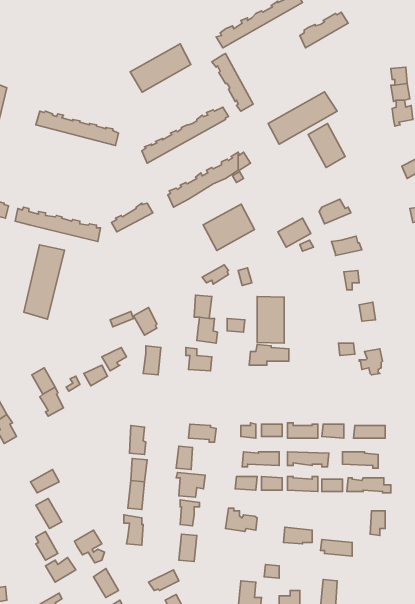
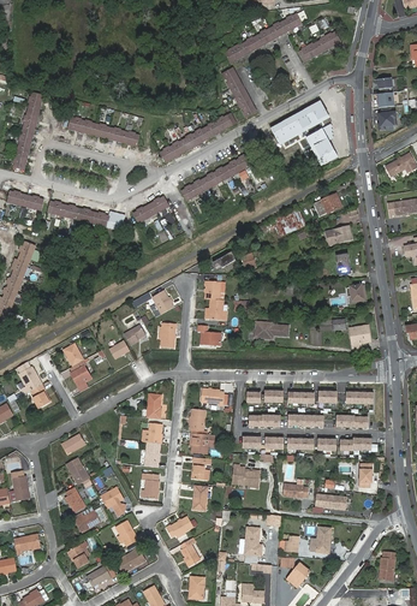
building: [130,44,191,92] -> none
building: [203,204,254,250] -> none
building: [24,245,64,319] -> none
building: [257,296,284,343] -> none

